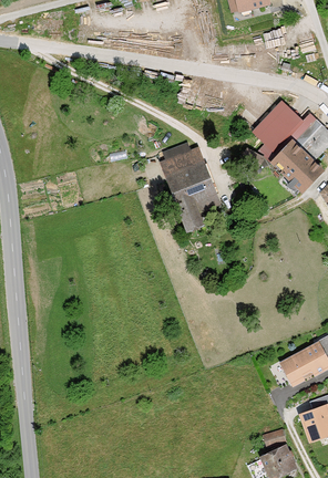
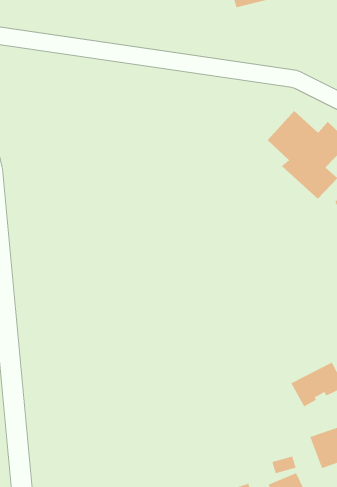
building: [161,148,221,233] -> none

